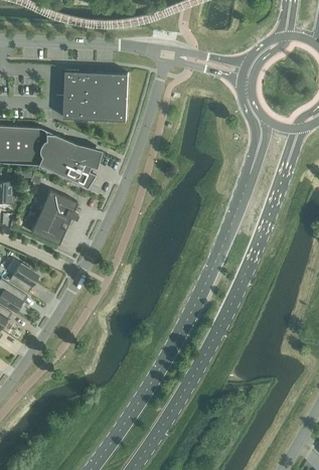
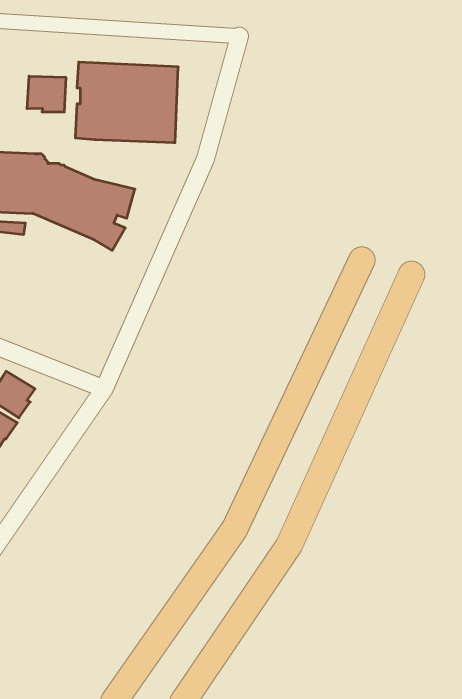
building: none -> [27,76,66,112]
building: [30,190,76,245] -> none

